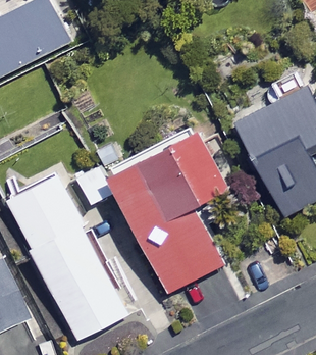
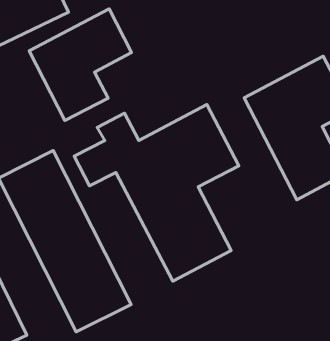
building: none -> [29,9,131,121]

